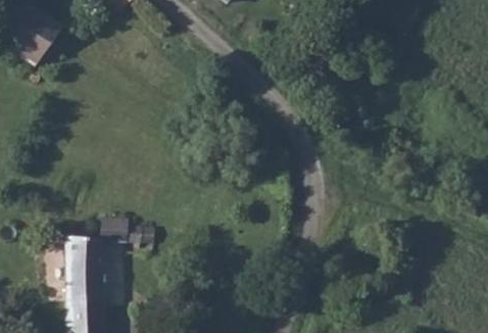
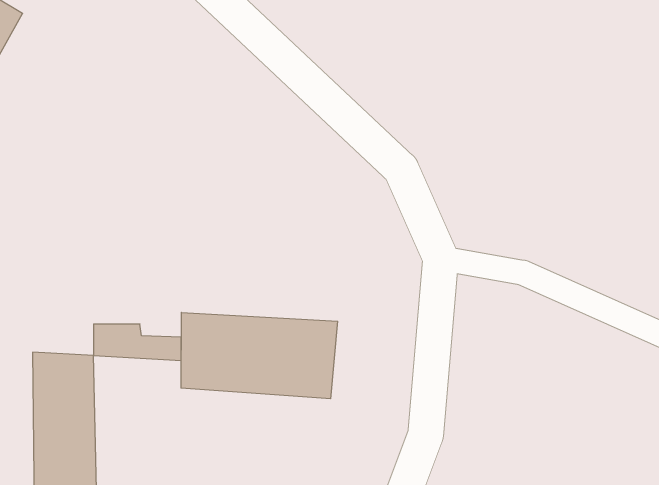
building: none -> [181,312,338,399]

